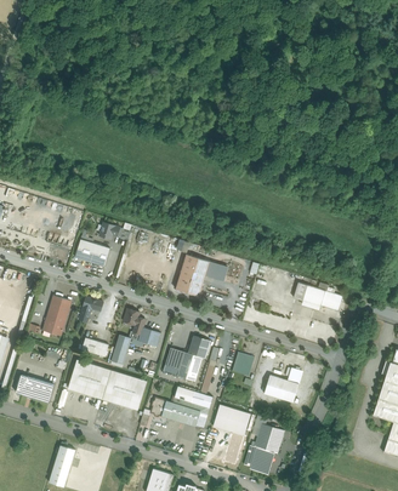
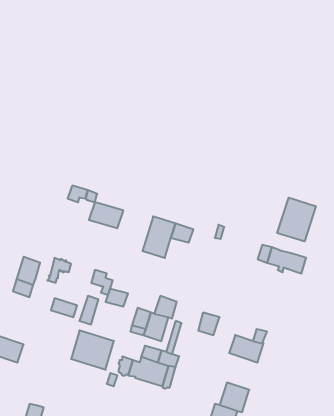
building: none -> [277,198,316,241]
building: [75,239,110,266] -> [89,202,123,228]
building: [68,359,112,399] -> none
building: [214,404,251,435] -> none

